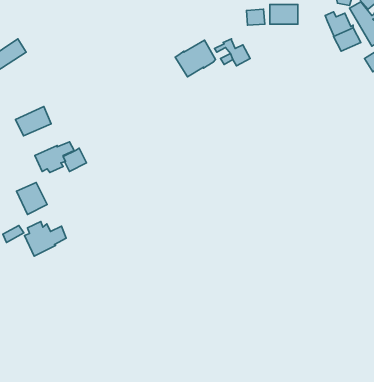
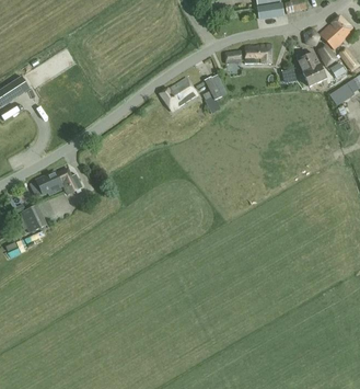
building: [15,106,51,136] -> none
building: [24,222,66,256] -> none

